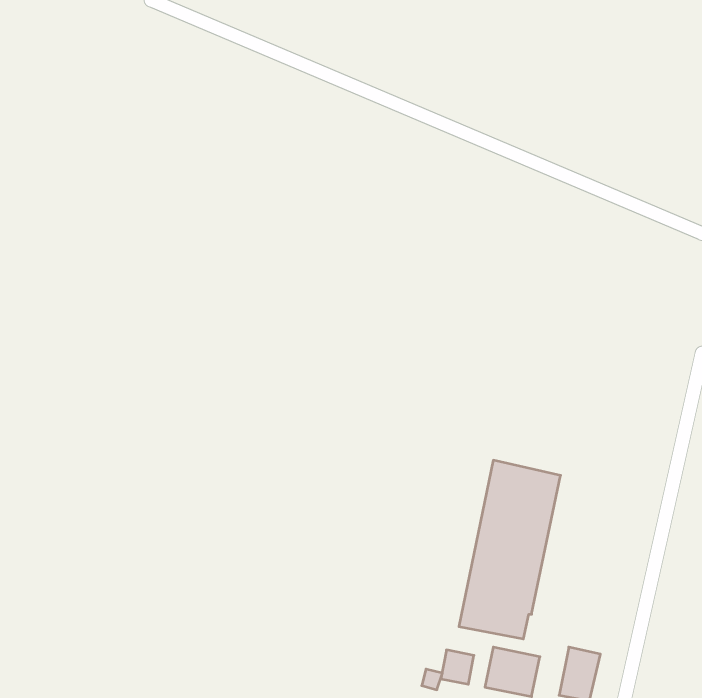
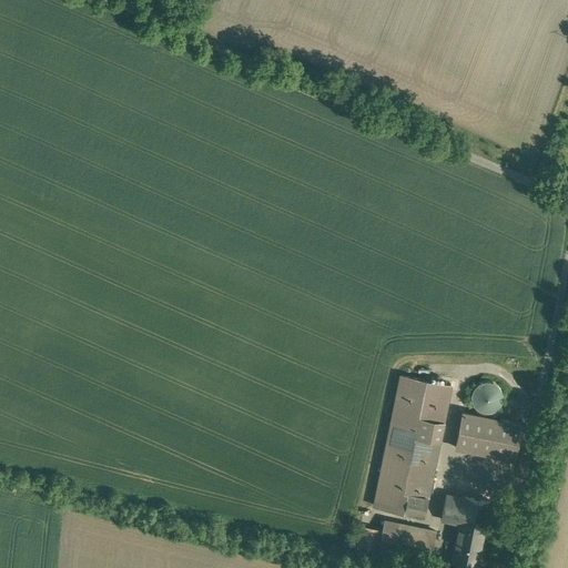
building: none -> [471,384,503,415]
building: none -> [455,415,521,462]
building: none -> [440,496,489,531]

